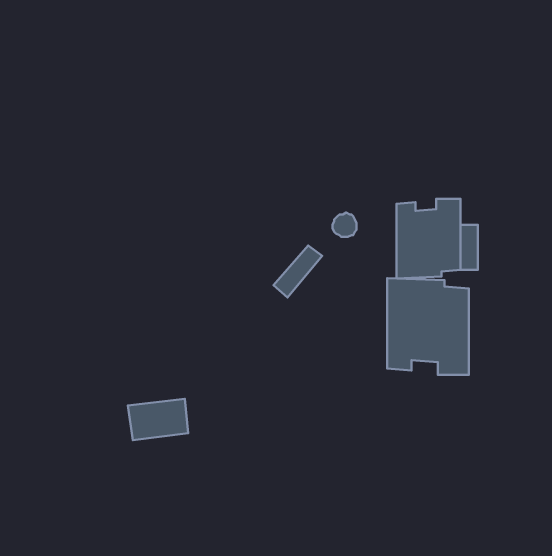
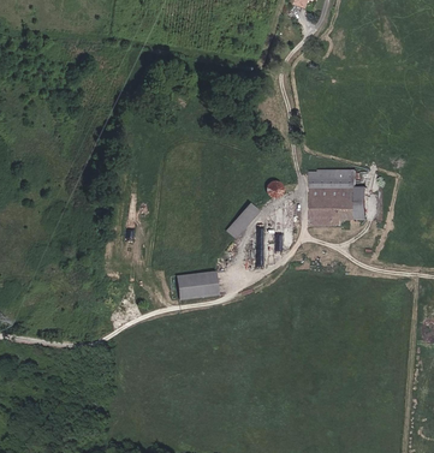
building: [387,278,469,375] -> none
building: [128,399,188,440] -> [173,270,215,299]

